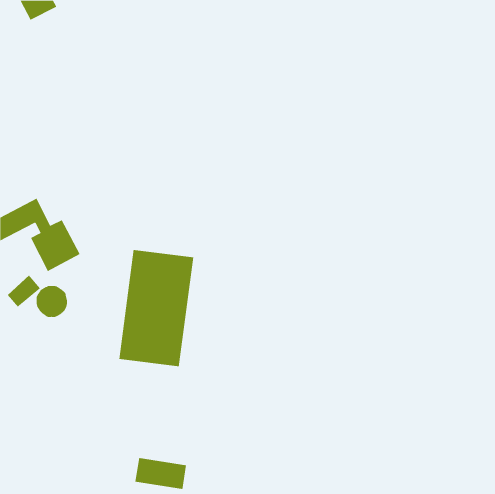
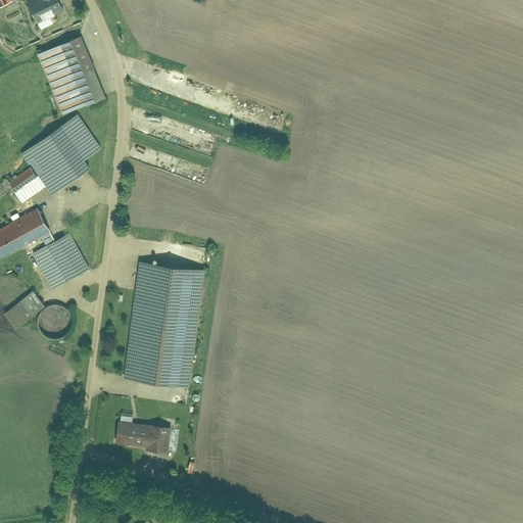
building: none -> [42,36,103,110]
building: none -> [5,113,99,198]
building: [134,458,187,490] -> [117,418,173,451]

